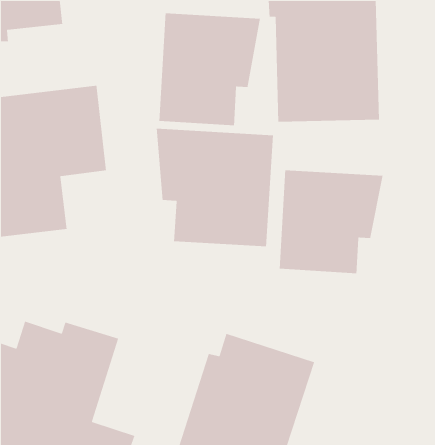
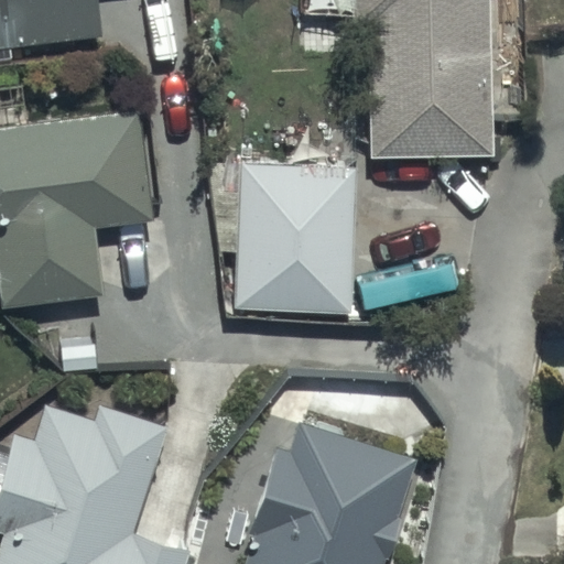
building: [159,13,261,126] -> none
building: [279,169,383,274] -> none

